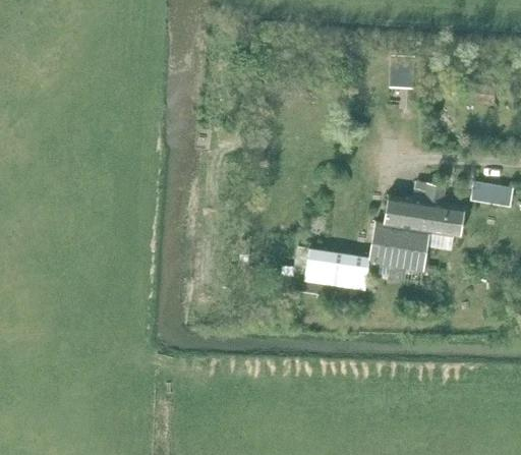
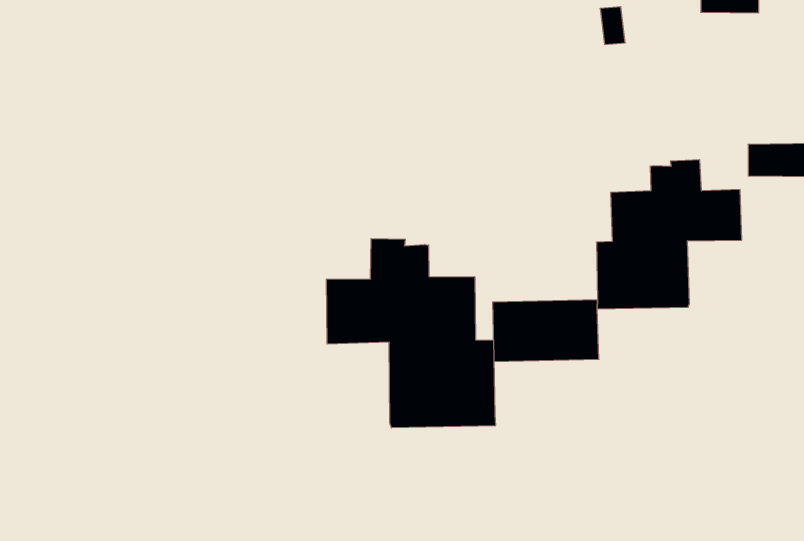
building: none -> [327,239,496,428]

